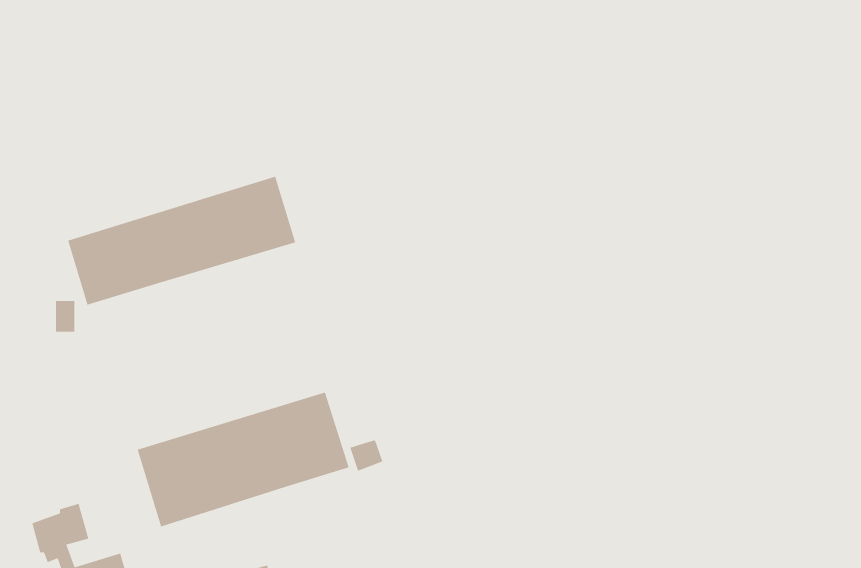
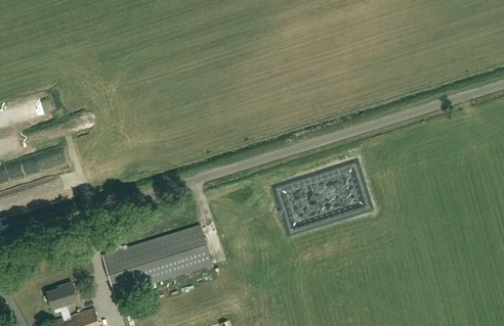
building: [68,176,296,306] -> none

